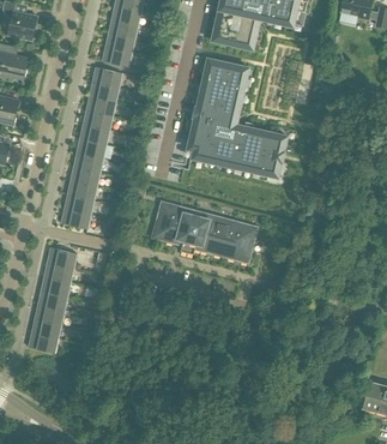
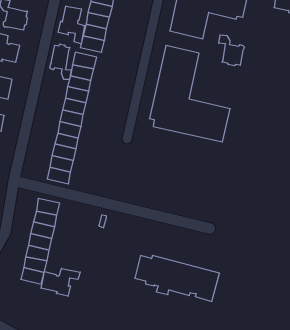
building: none -> [58,6,85,44]
building: none -> [219,35,244,66]
building: none -> [50,44,71,80]
building: [152,206,256,263] -> [135,256,220,301]
building: none -> [41,268,80,296]

